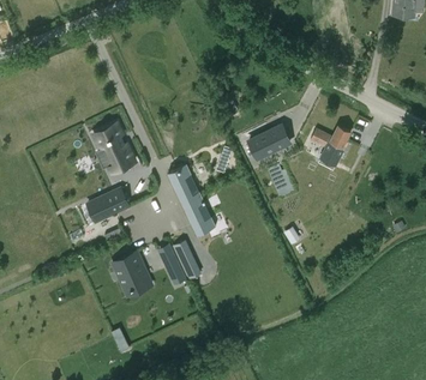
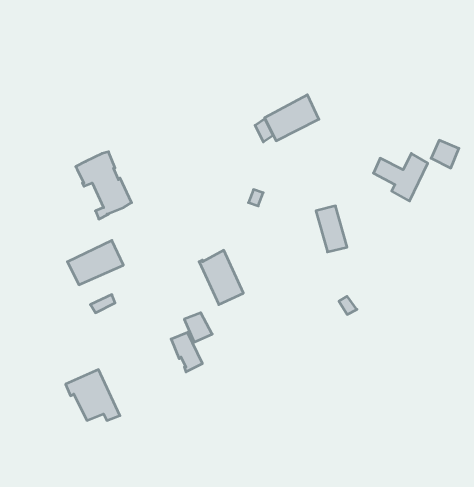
building: [250,125,289,158] -> [265,95,319,141]
building: [169,164,202,204] -> none
building: [113,252,152,289] -> [66,370,120,420]

